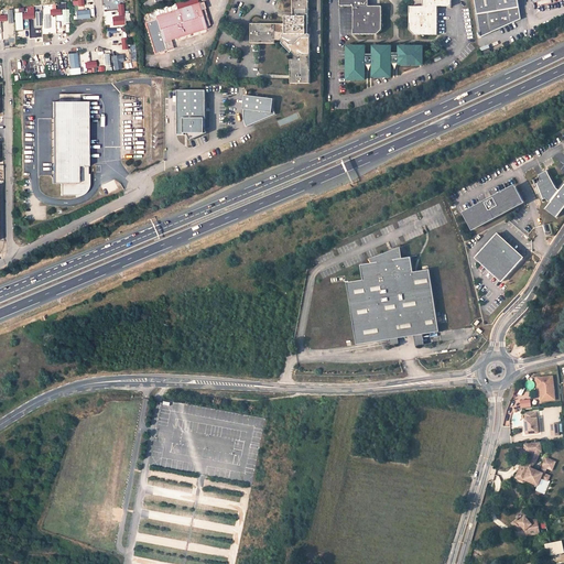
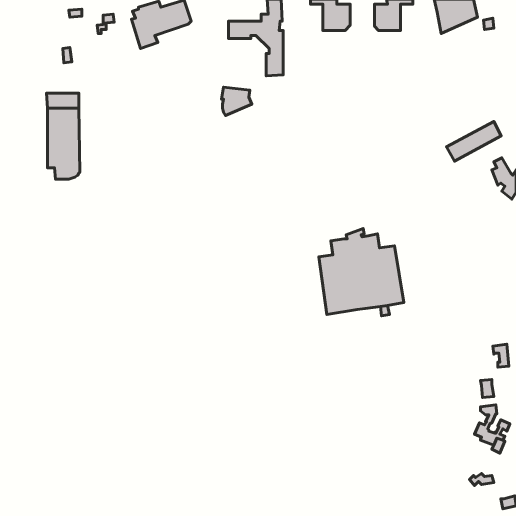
building: [345,44,421,77] -> none
building: [176,89,205,134] -> none
building: [464,185,523,228] -> [446,122,501,161]
building: [475,232,522,280] -> none

